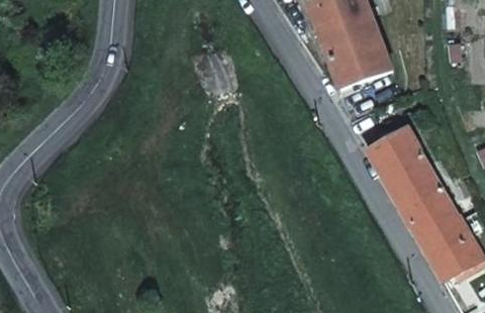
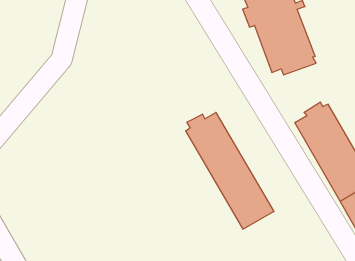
building: none -> [186,112,274,229]

